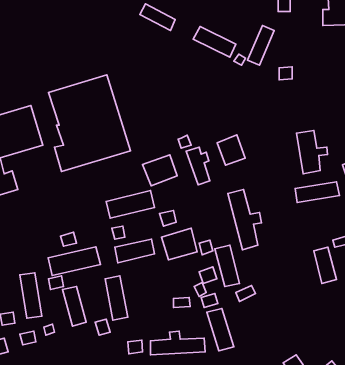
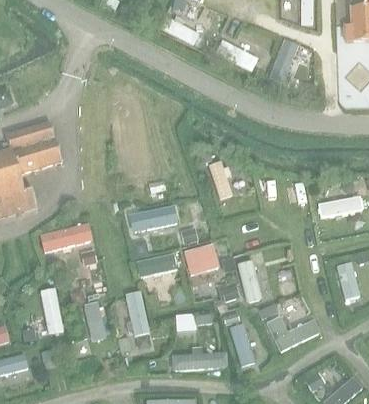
building: [48,75,130,172] -> none
building: [296,131,328,174] -> none
building: [217,135,245,165] -> none
building: [143,155,177,186] -> none
building: [228,190,262,250] -> none
building: [48,247,101,276] -> [39,223,92,252]
building: none -> [267,314,320,349]

